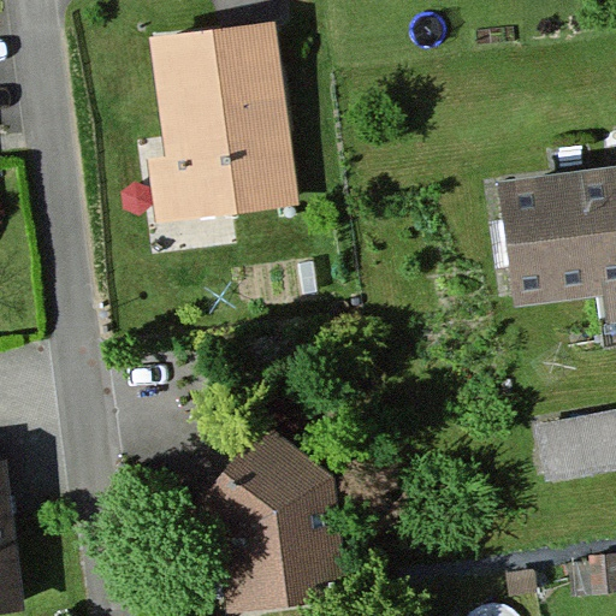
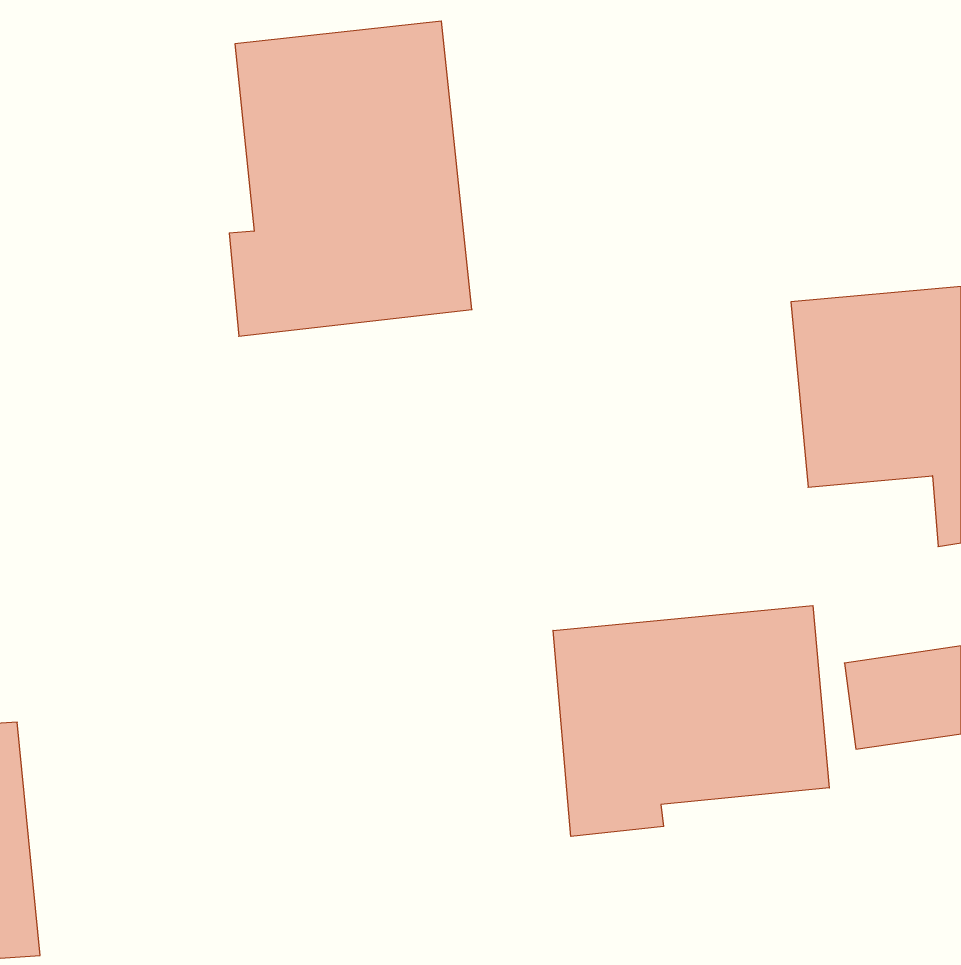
building: none -> [553,606,829,836]
building: [205,417,354,609] -> none

